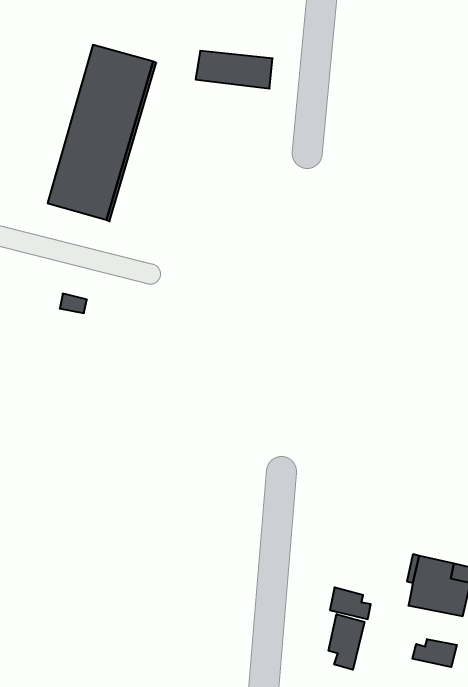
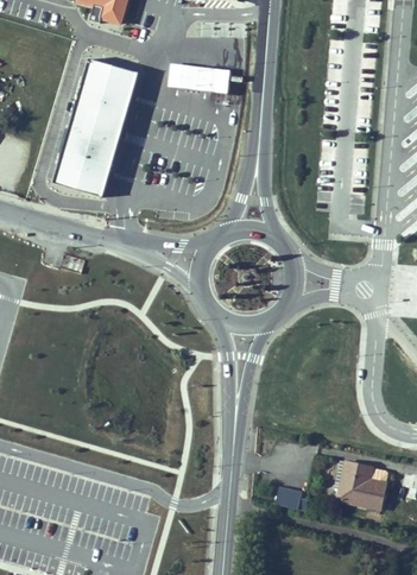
building: [329,614,364,670] -> none
building: [412,639,457,667] -> none

